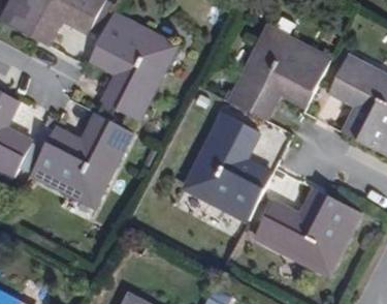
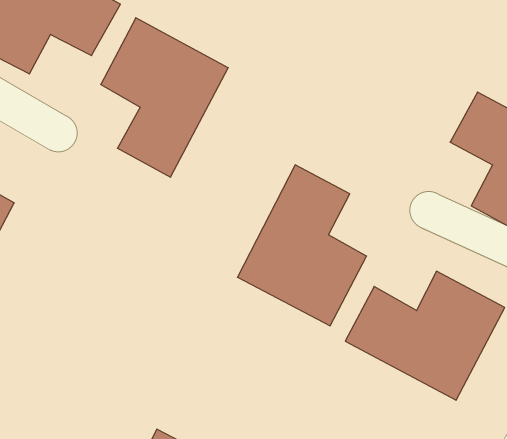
building: [227,27,331,124] -> none
building: [28,114,131,208] -> none

